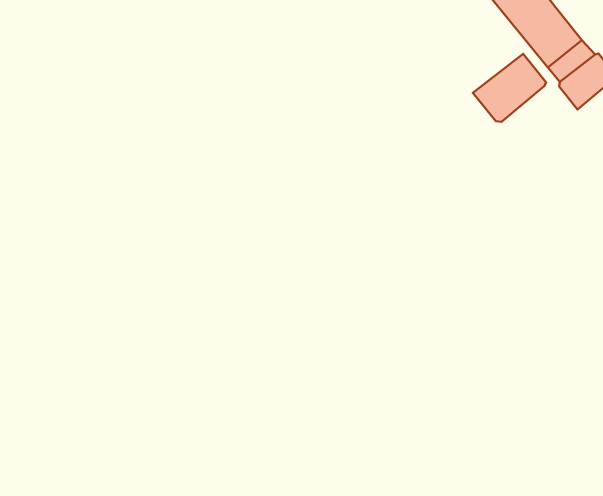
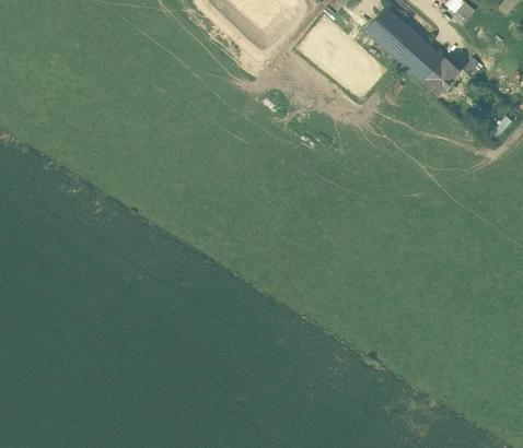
building: [473,54,546,122] -> none

